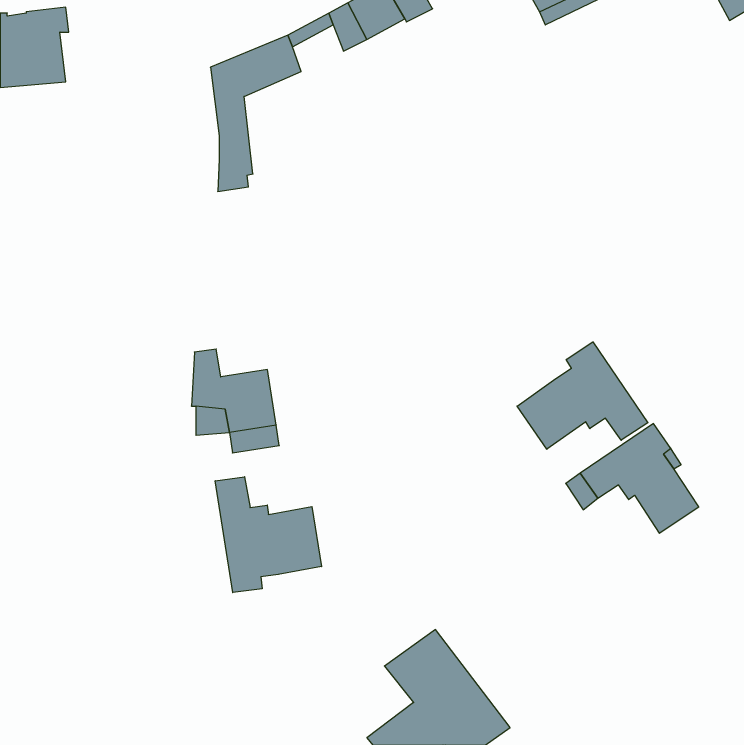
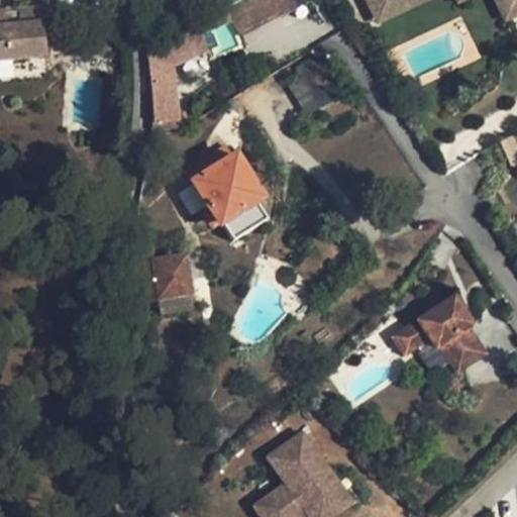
building: none -> [188,147,265,236]
building: [517,342,648,449] -> none
building: [215,477,322,593] -> none

